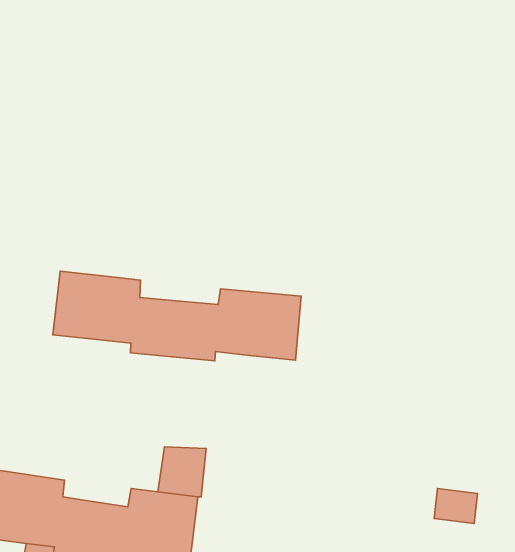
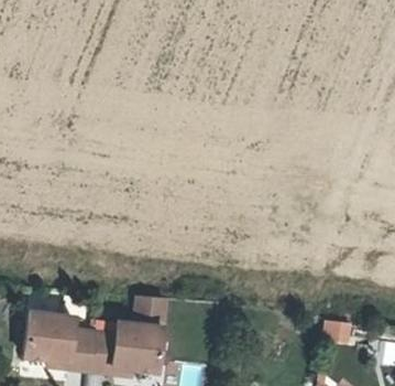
building: [53,271,301,361] -> none

